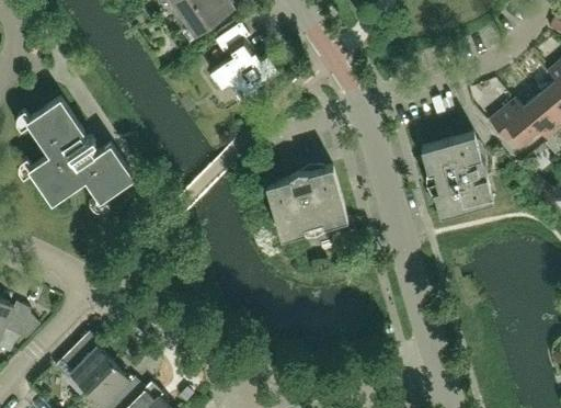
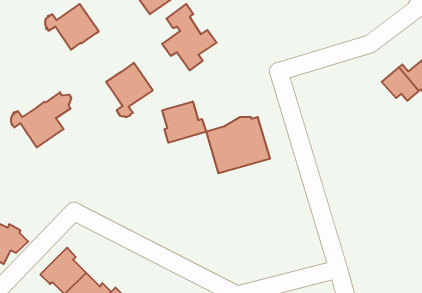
building: [15,97,83,155] -> [45,4,99,50]
building: [420,133,492,215] -> none
building: [75,143,134,212] -> [106,63,153,117]
building: none -> [162,101,206,143]

